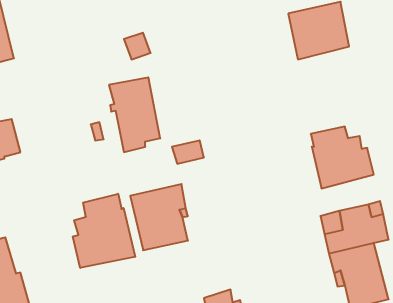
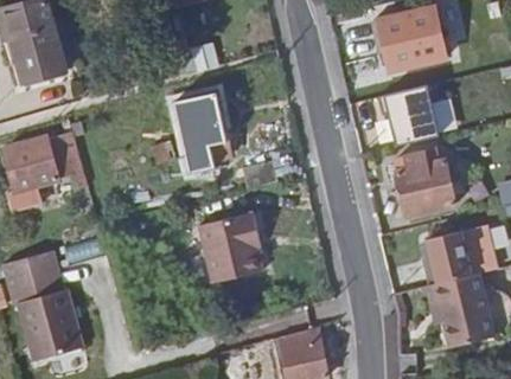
building: none -> [383,86,436,143]
building: [73,194,135,268] -> none

